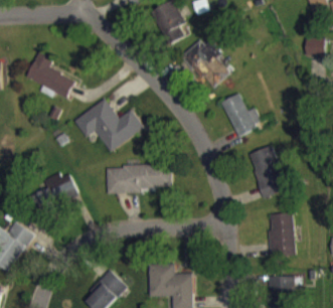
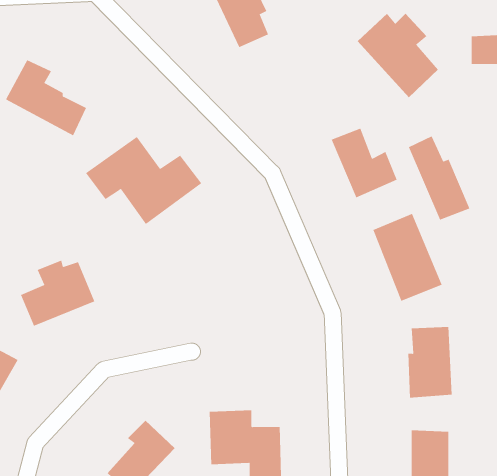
building: [181,39,230,91] -> [357,13,439,98]
building: none -> [408,136,470,220]
building: [106,165,171,192] -> none

